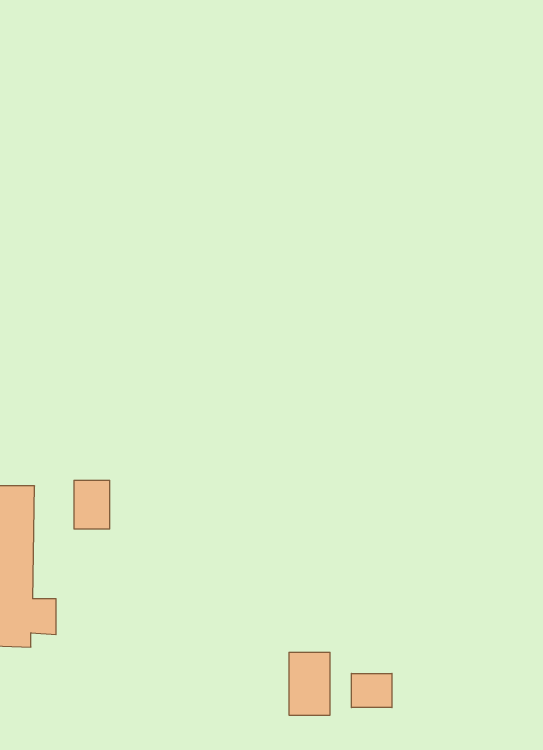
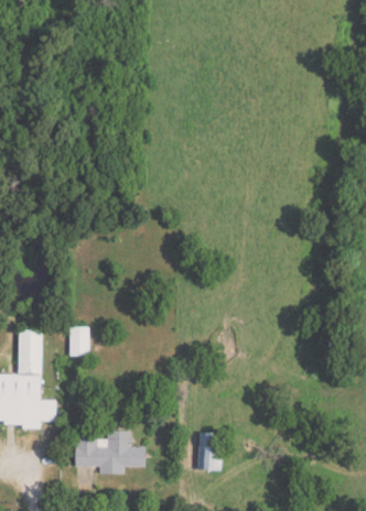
building: none -> [73,431,148,475]
building: [351,673,392,708] -> none

